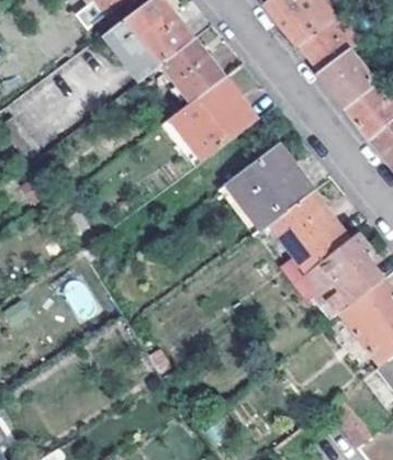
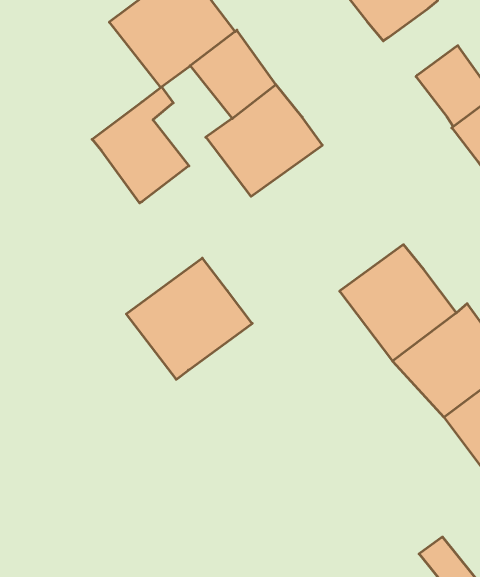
building: [300,23,349,70] -> none
building: none -> [92,87,189,203]
building: [222,144,311,229] -> [126,258,252,379]

